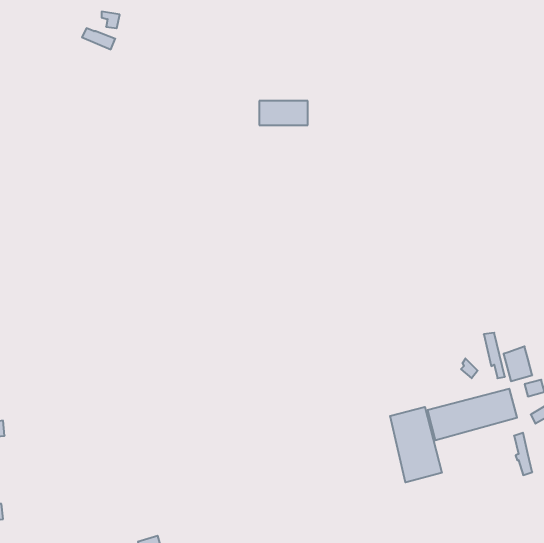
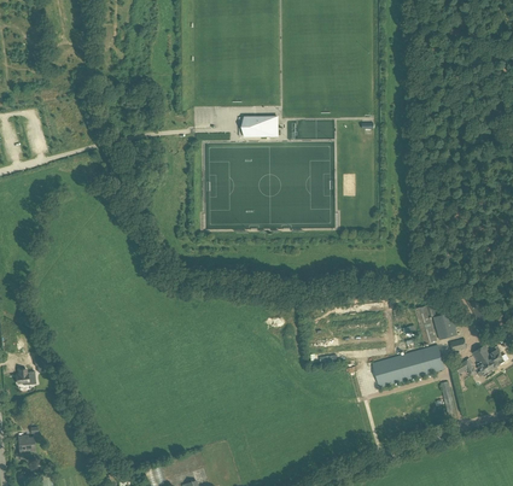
building: [390,407,442,482] -> none

